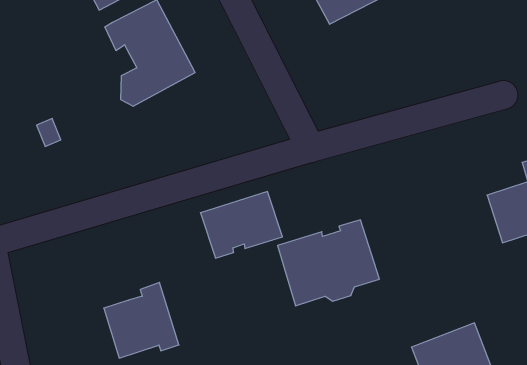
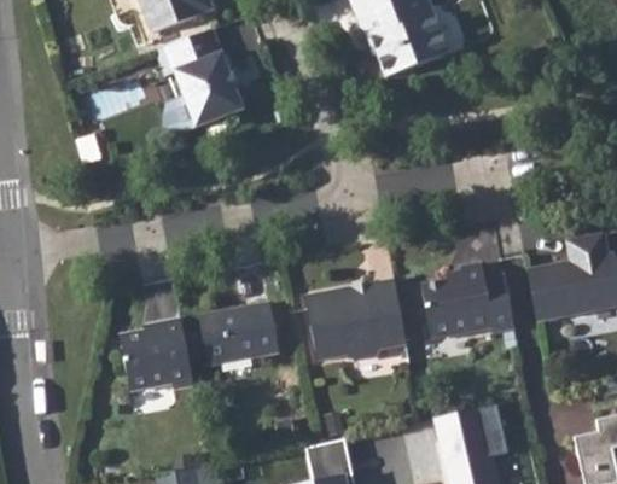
building: [200,192,282,258] -> [198,303,279,365]
building: none -> [417,263,513,338]

